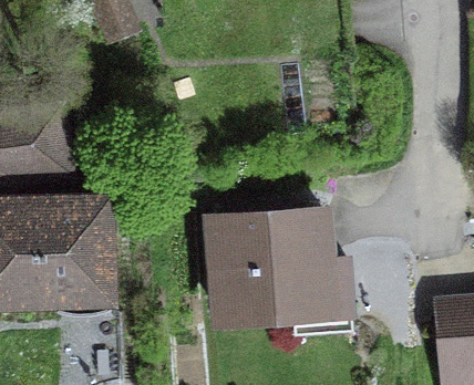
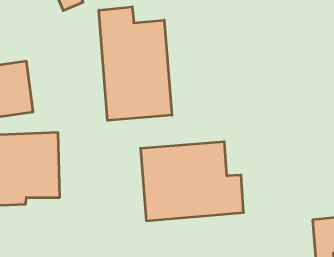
building: none -> [99,7,172,120]

